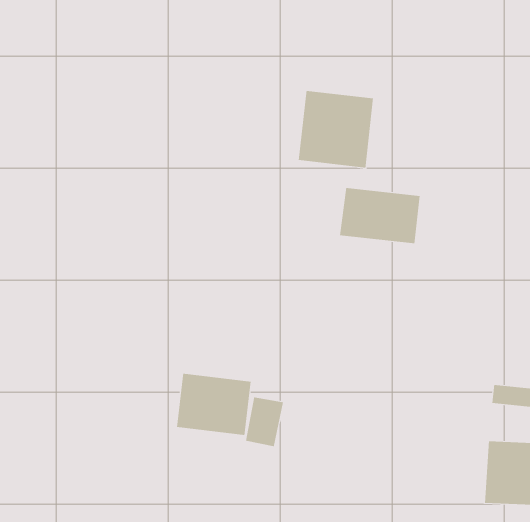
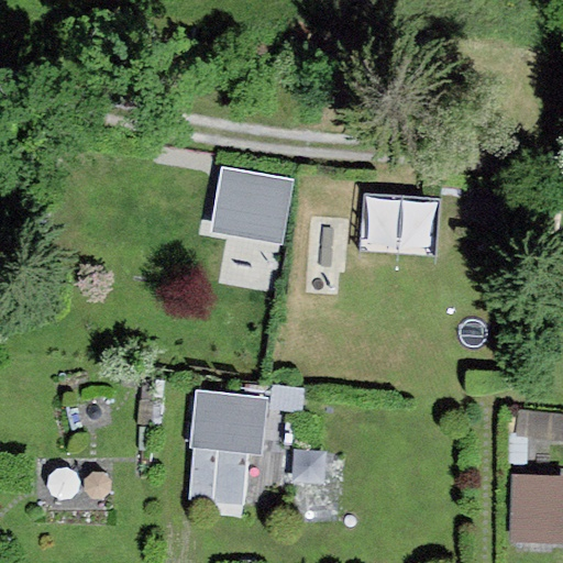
building: [298,90,373,168] -> none
building: none -> [187,172,279,239]

